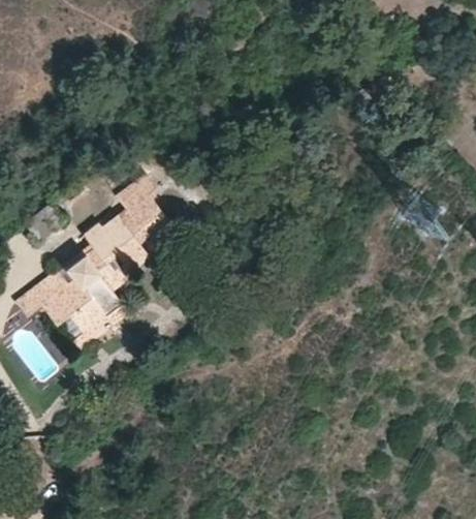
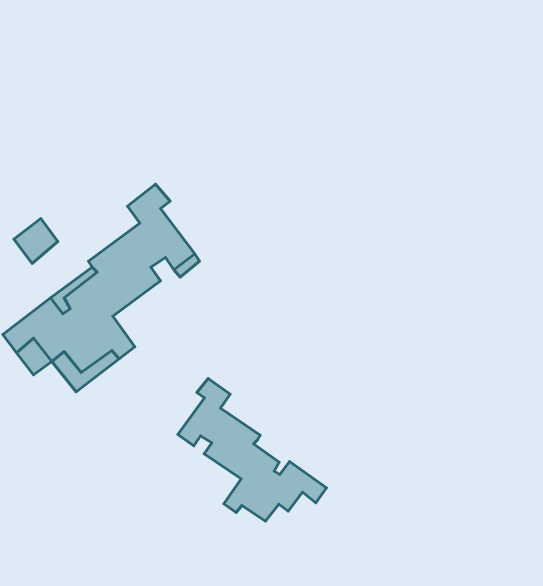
building: none -> [178,378,326,521]

